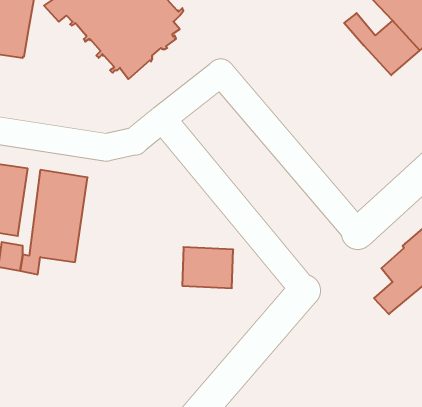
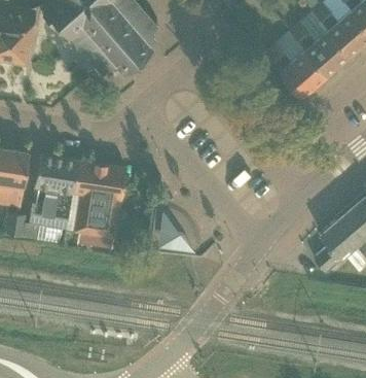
building: none -> [266,44,328,96]
building: none -> [67,160,124,250]

